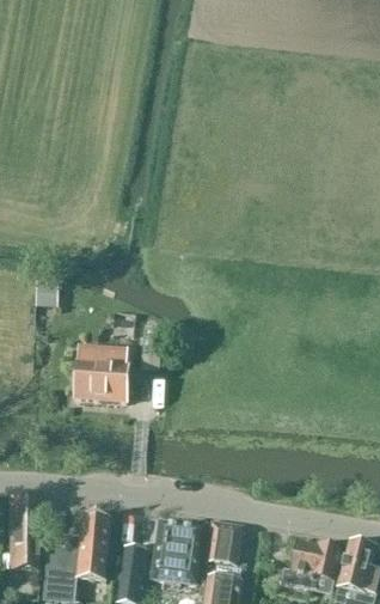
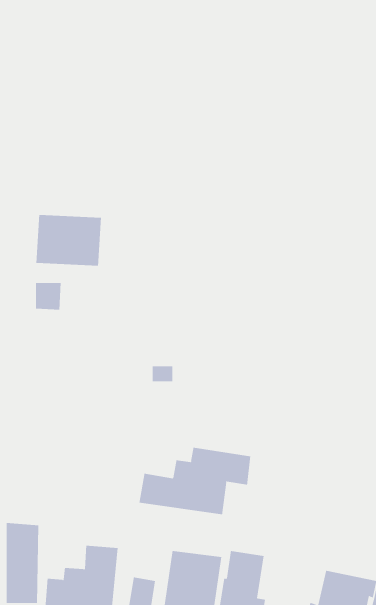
building: none -> [36,214,101,266]
building: [75,350,130,404] -> none
building: none -> [139,447,251,515]

